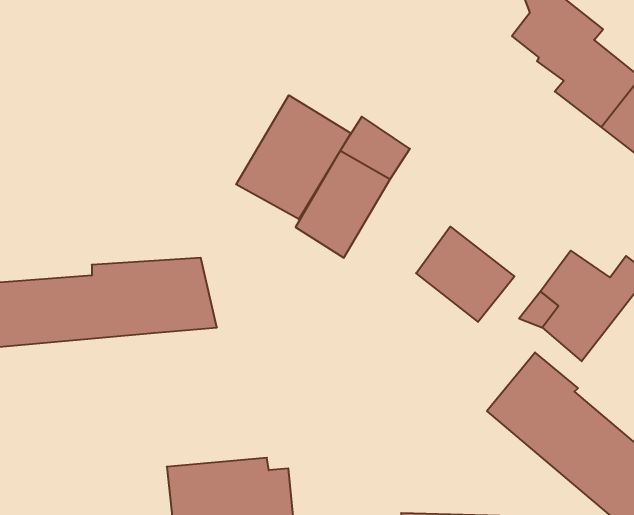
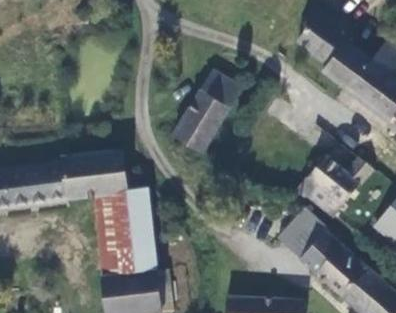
building: [236,95,351,219] -> none
building: [416,227,514,322] -> none
building: none -> [92,193,155,273]

